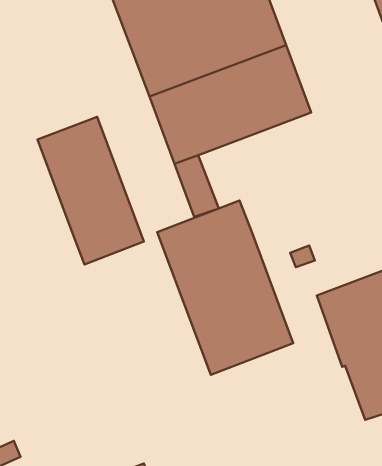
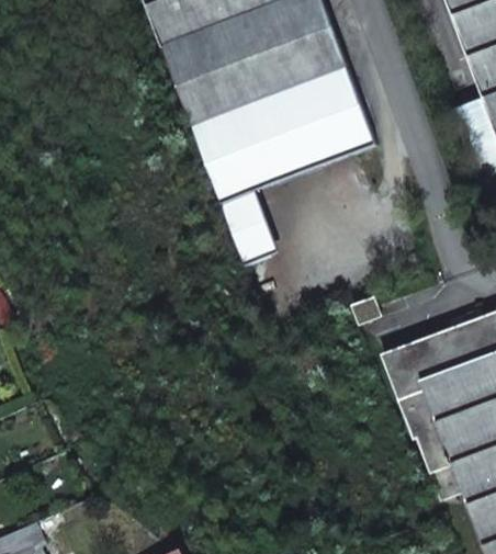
building: [38,117,144,264] -> none
building: [157,200,293,375] -> none

